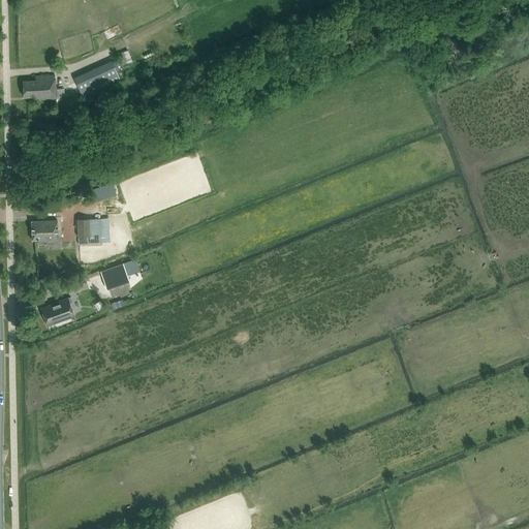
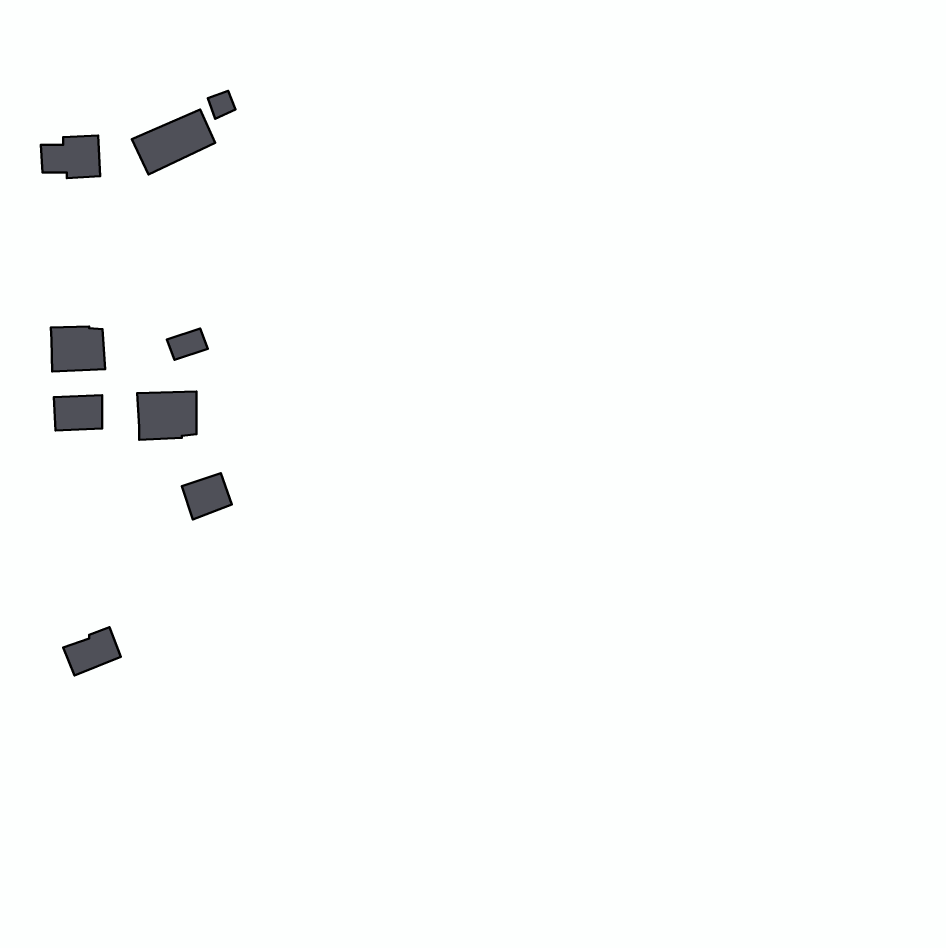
building: none -> [51,326,105,371]
building: [42,298,74,324] -> [63,627,121,675]

